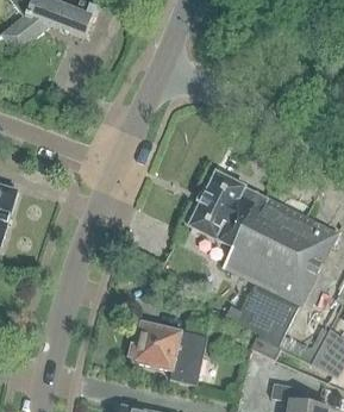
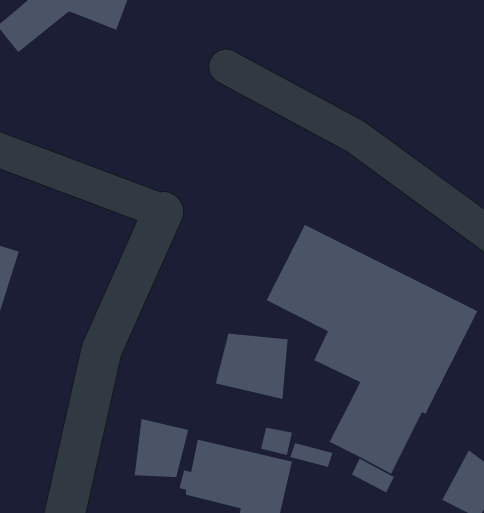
building: none -> [215,333,289,400]
building: none -> [134,418,189,478]

